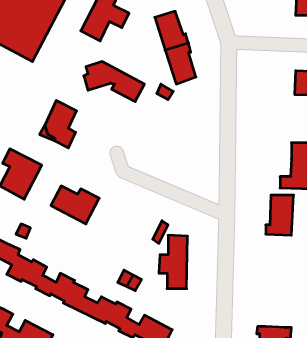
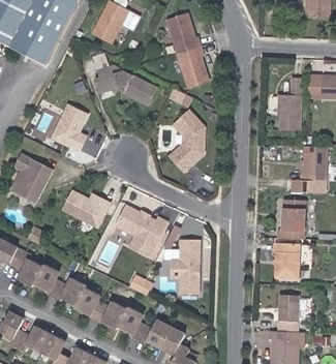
building: none -> [271,78,302,129]
building: none -> [170,110,205,171]
building: none -> [116,204,167,256]
building: none -> [273,242,300,278]
building: none -> [278,294,299,332]

